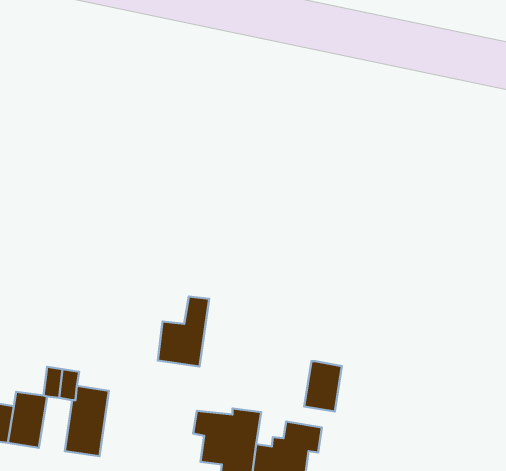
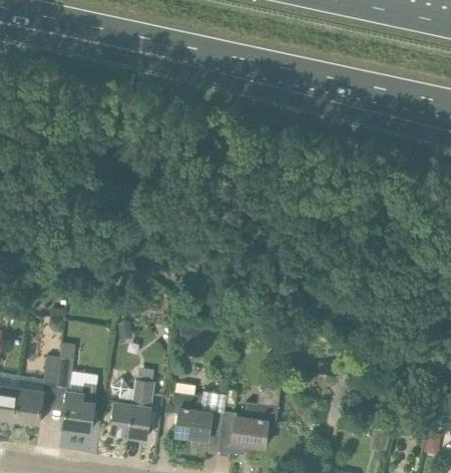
building: [158,296,209,367] -> [110,379,153,438]
building: [304,361,342,412] -> none

